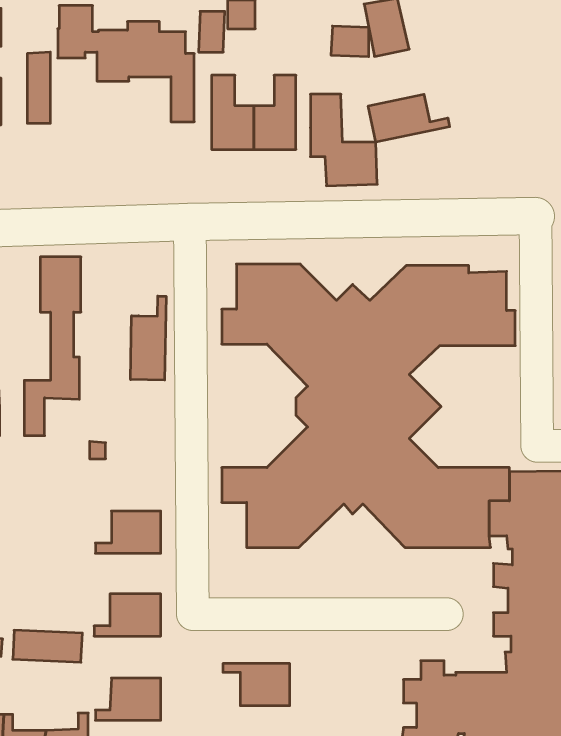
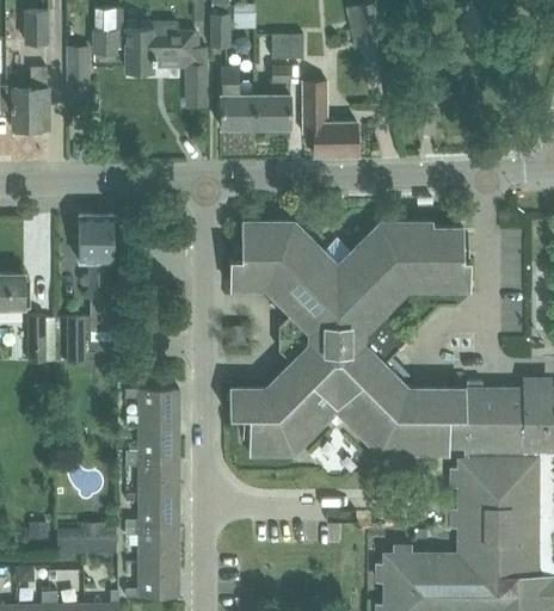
building: [331,26,369,57] -> [272,33,303,58]
building: [368,94,450,142] -> none
building: [131,296,166,380] -> none
building: none -> [125,389,179,425]
building: none -> [125,459,179,493]
building: [223,664,290,706] -> [124,527,179,562]

